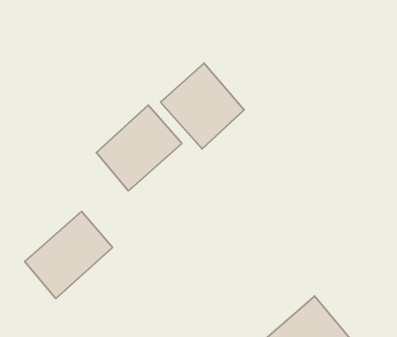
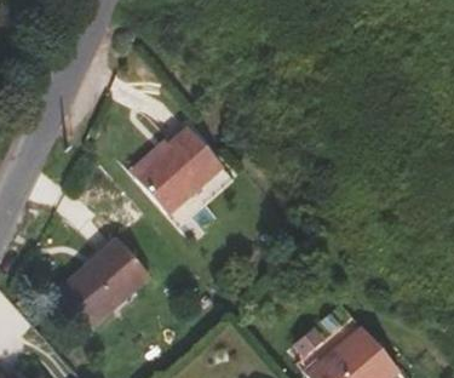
building: [161,63,244,149] -> none

